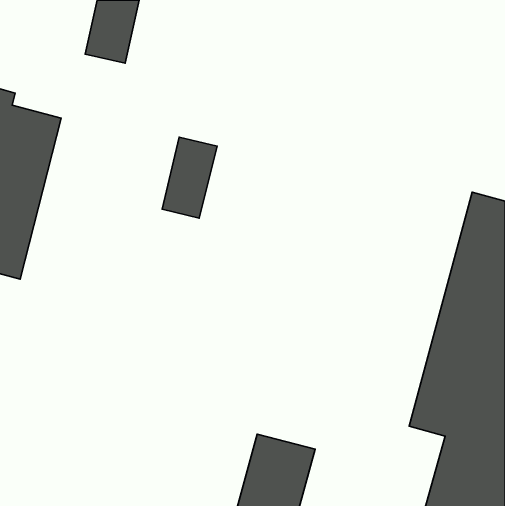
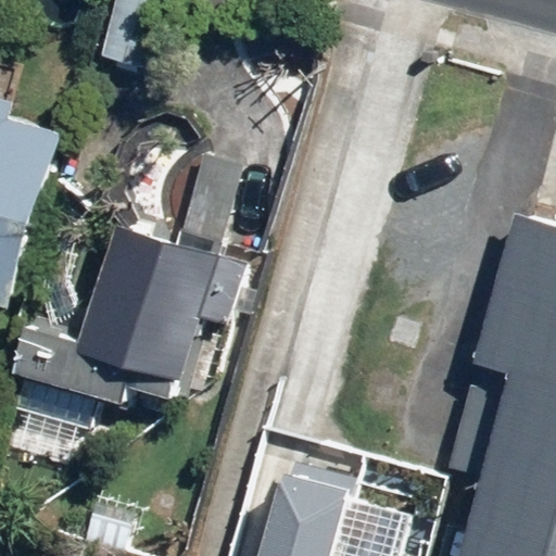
building: none -> [11,224,252,408]

